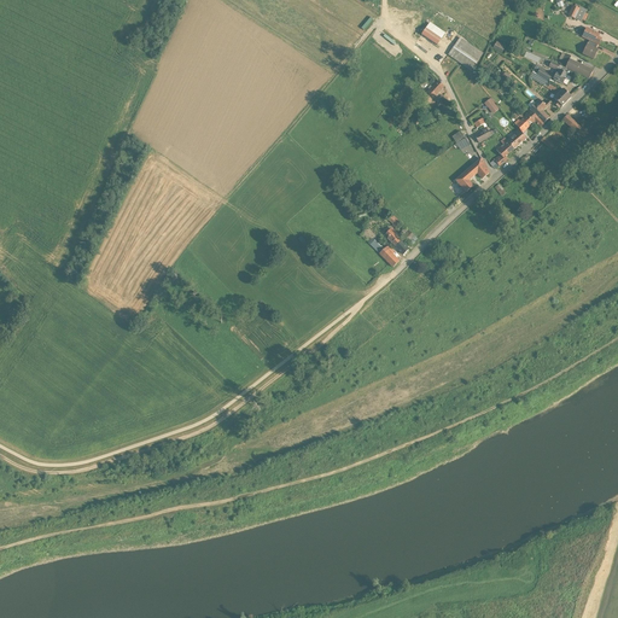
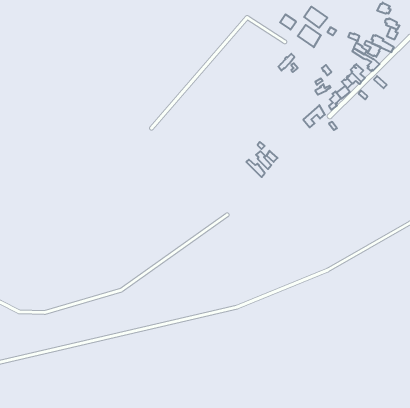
building: none -> [304,7,327,28]

